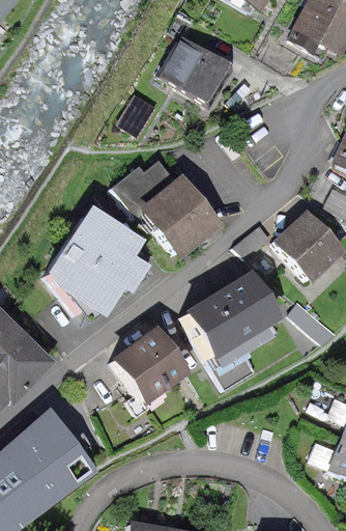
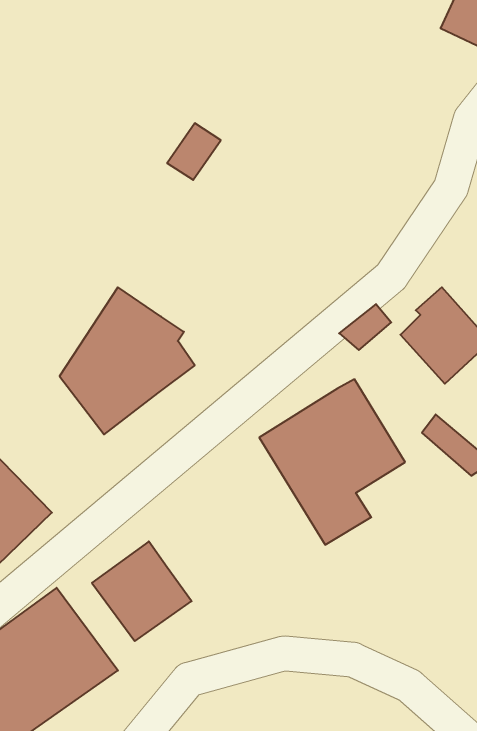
building: [162,36,233,103] -> none
building: [113,158,213,251] -> none
building: [115,331,182,398] -> [92,541,192,641]

